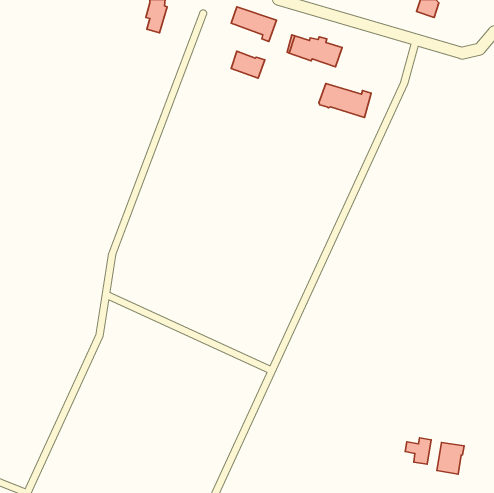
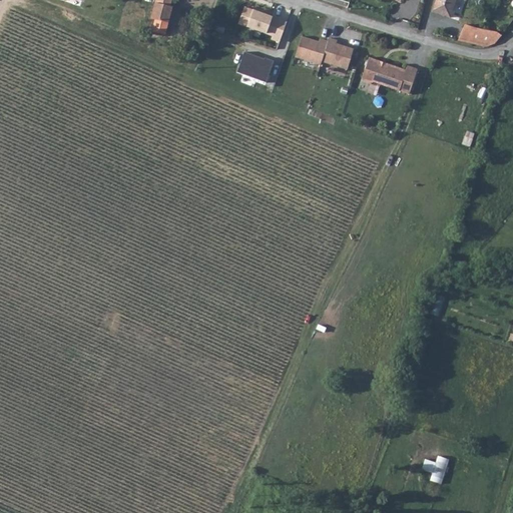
building: none -> [458,24,501,47]
building: [319,84,371,117] -> [363,56,417,91]
building: [437,443,464,474] -> none

